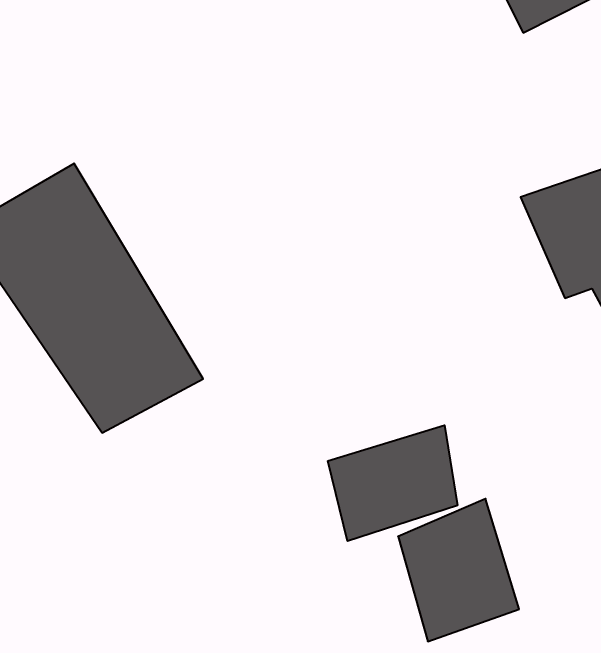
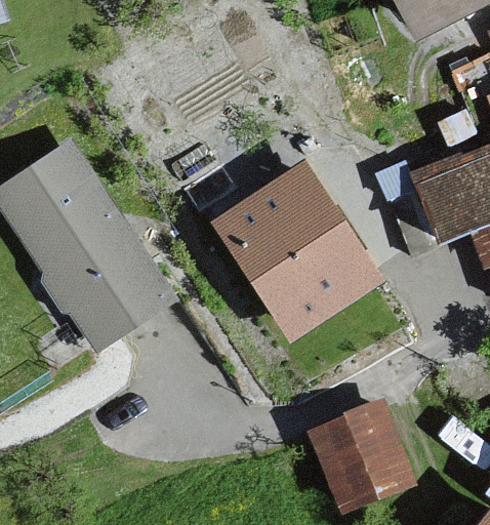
building: none -> [211,160,381,337]
building: [328,425,457,541] -> none

